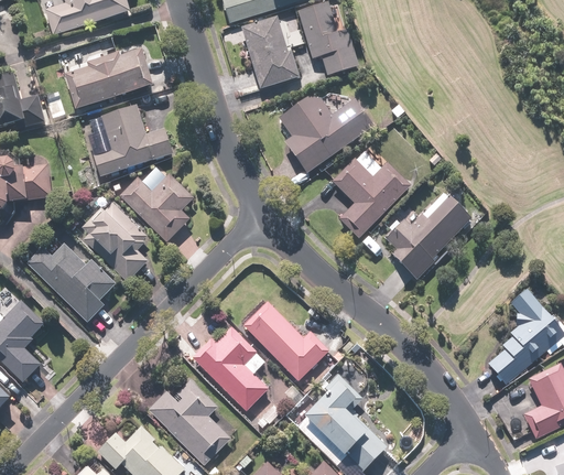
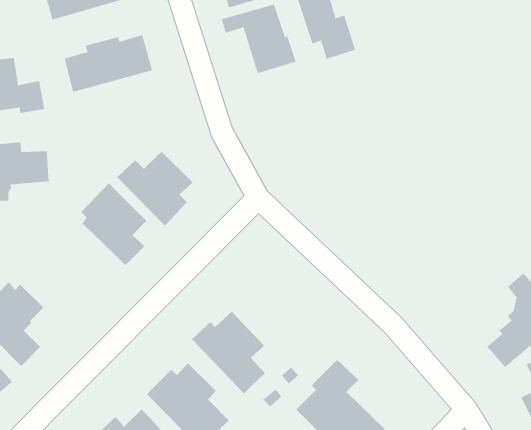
building: [280,93,372,174] -> none
building: [83,106,174,177] -> none
building: [332,159,412,239] -> none
building: [384,195,473,279] -> none
building: [25,244,116,323] -> none
building: [242,299,330,380] -> none

